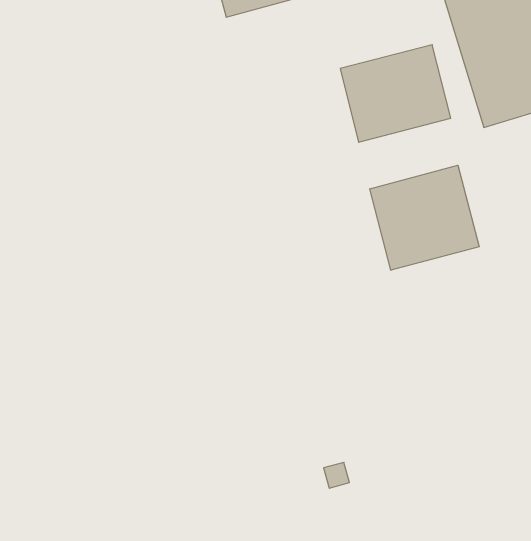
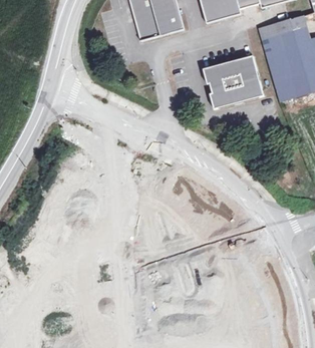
building: [370,165,479,270] -> none

